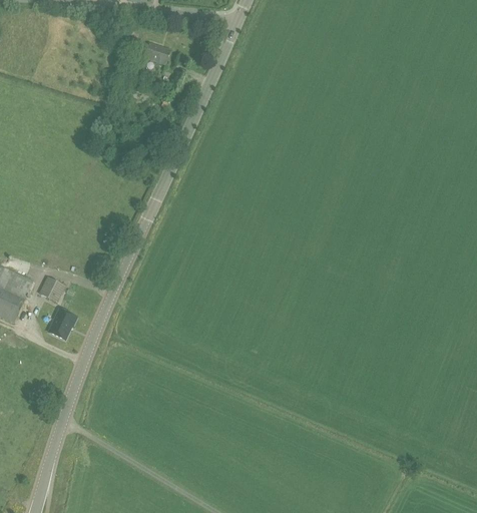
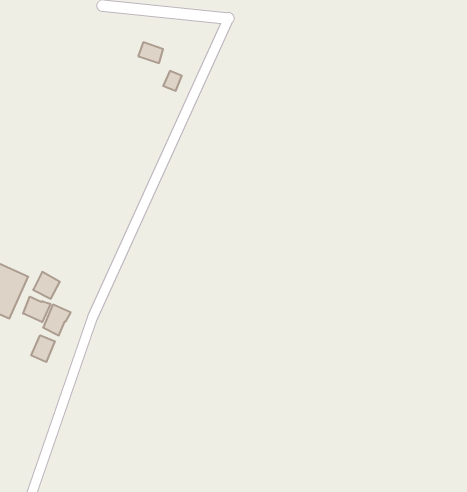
building: none -> [23,297,50,322]
building: none -> [31,335,55,362]

